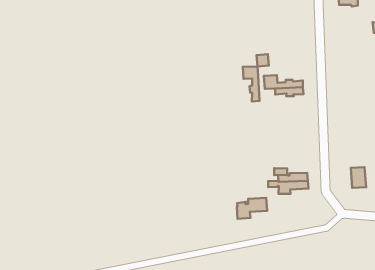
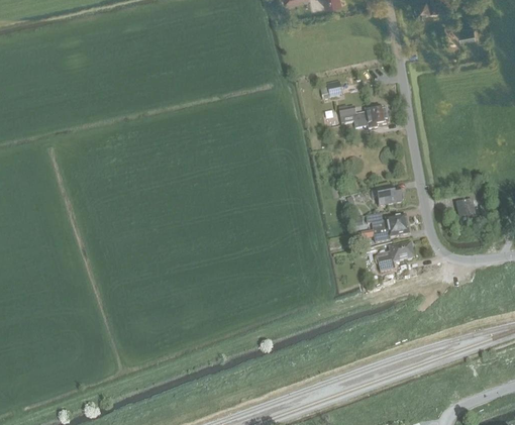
building: [243,66,259,102] -> none
building: none -> [376,187,402,206]
building: [237,198,267,219] -> [377,243,413,273]

